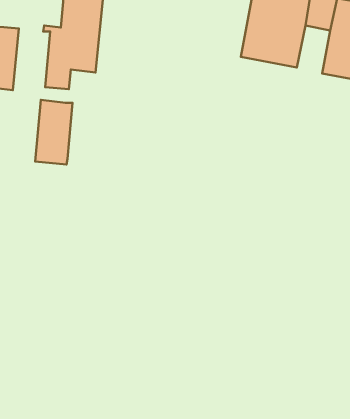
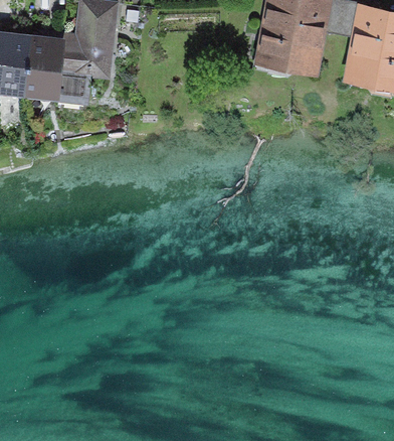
building: [35,100,72,165] -> [25,35,63,102]

